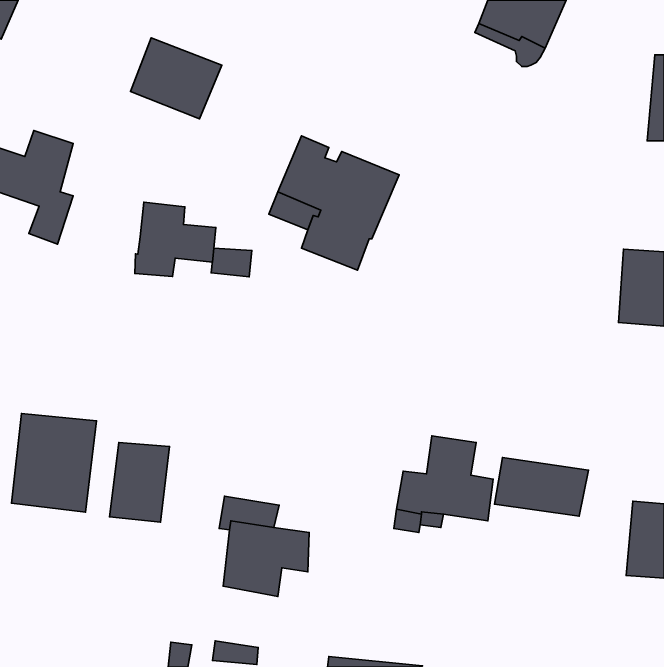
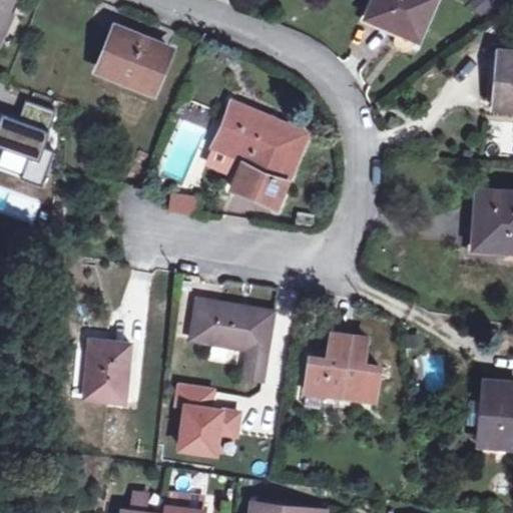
building: [135,202,216,277] -> none
building: none -> [190,300,274,379]
building: [11,413,96,512] -> none
building: [495,458,588,516] -> none

